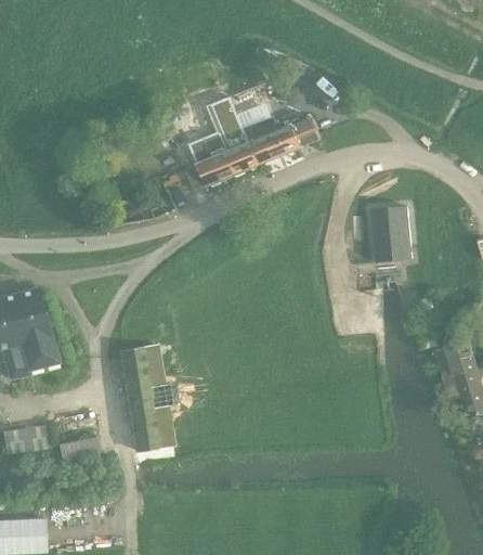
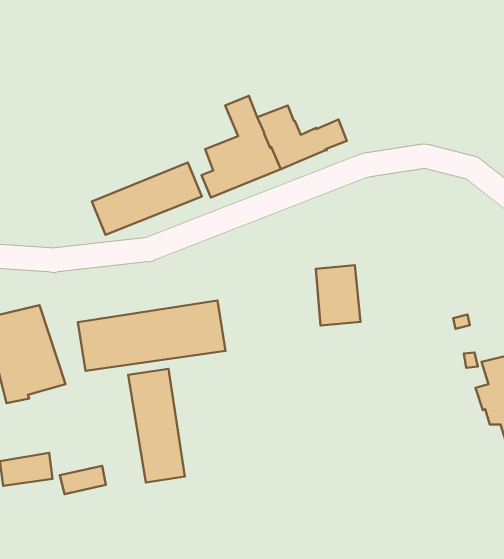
building: none -> [92,163,202,235]
building: [371,205,413,260] -> [316,265,361,326]
building: none -> [78,301,226,371]

